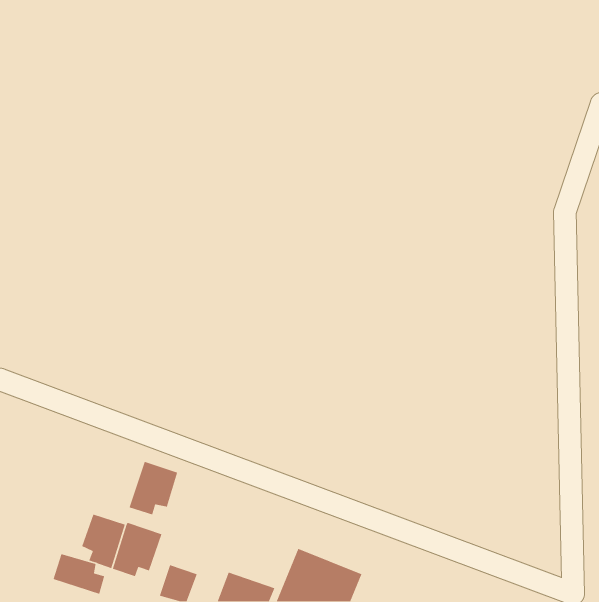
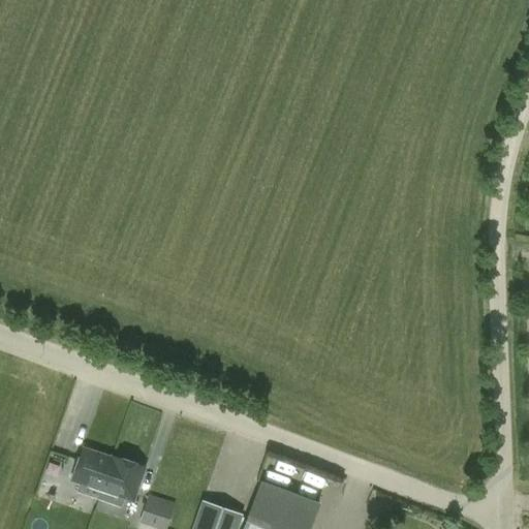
building: [128,461,178,515] -> none
building: [52,553,105,595] -> none

